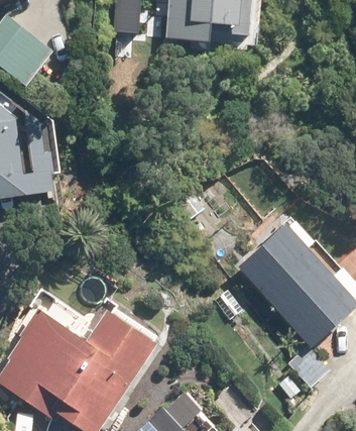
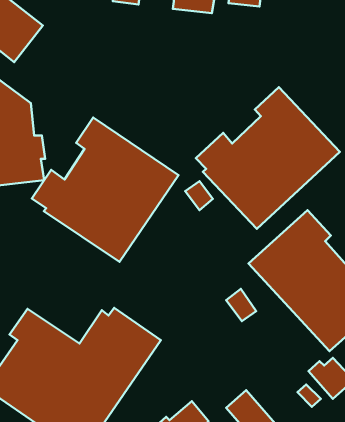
building: none -> [196,87,340,229]
building: none -> [32,118,179,262]

